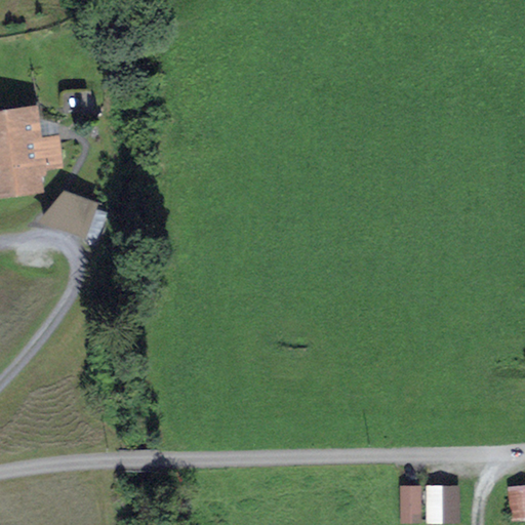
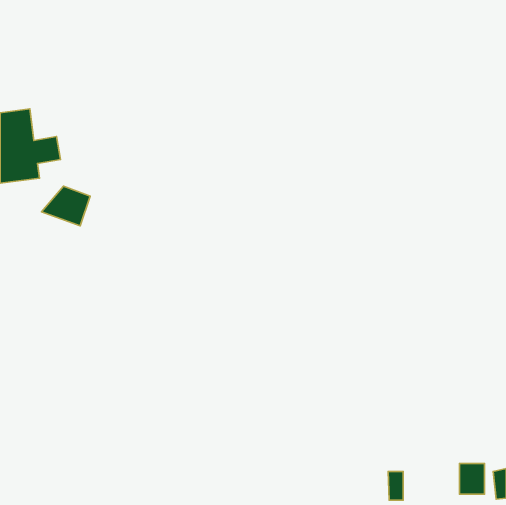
building: [430,487,455,519] -> [460,463,484,494]

